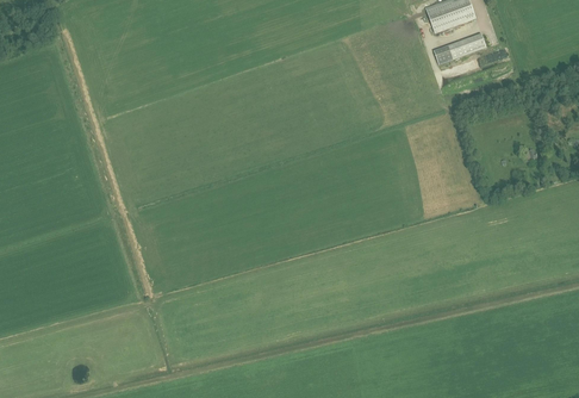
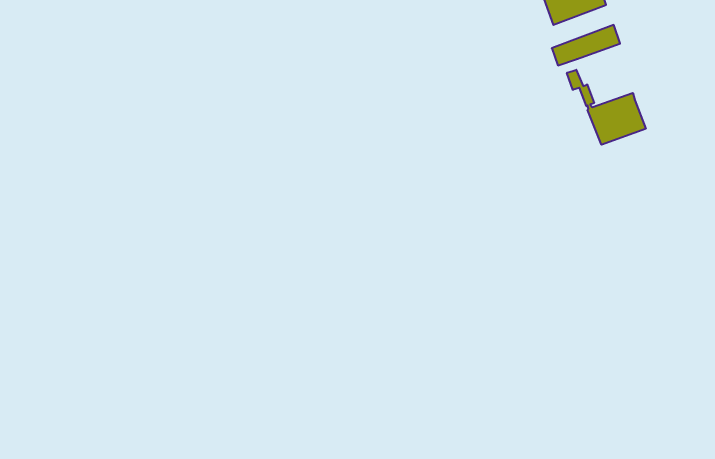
building: none -> [567,70,646,145]

